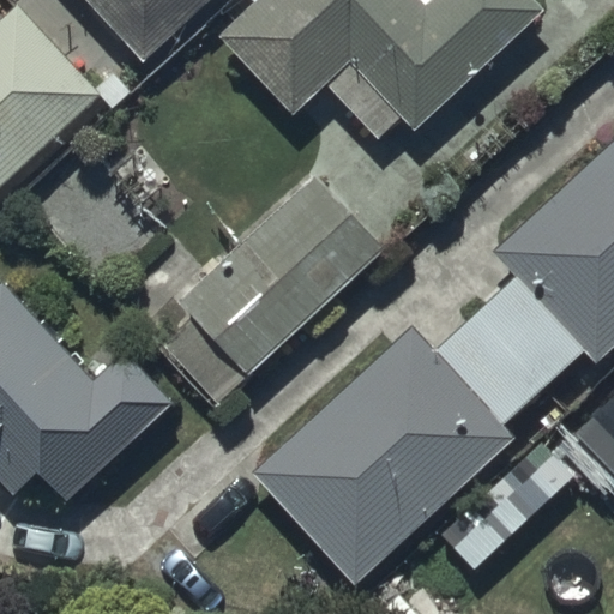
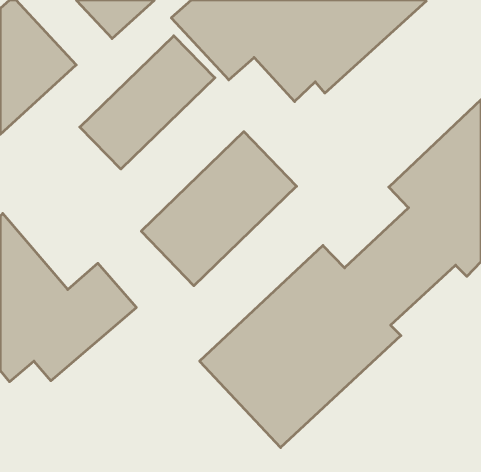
building: none -> [80,36,215,169]

